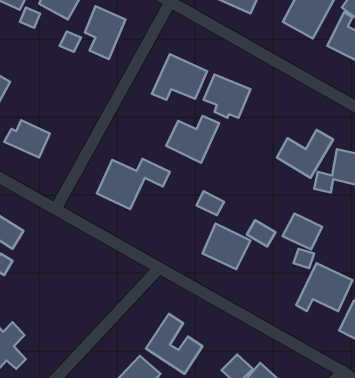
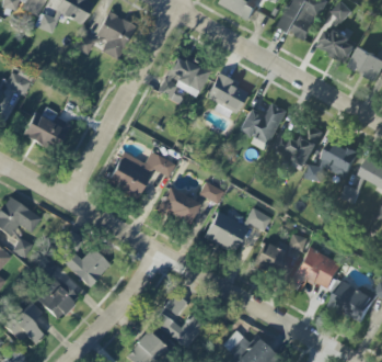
building: [166,116,219,163] -> [239,103,287,146]
building: none -> [158,188,199,225]
building: [282,214,322,250] -> [255,244,291,276]
building: none -> [60,248,111,287]
building: none -> [36,281,79,319]

